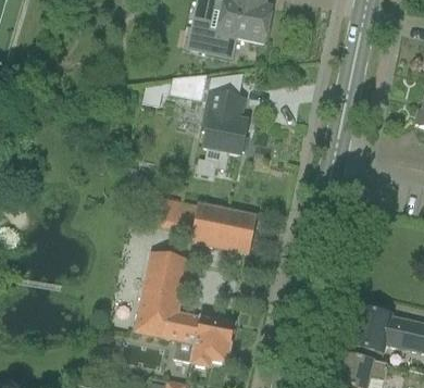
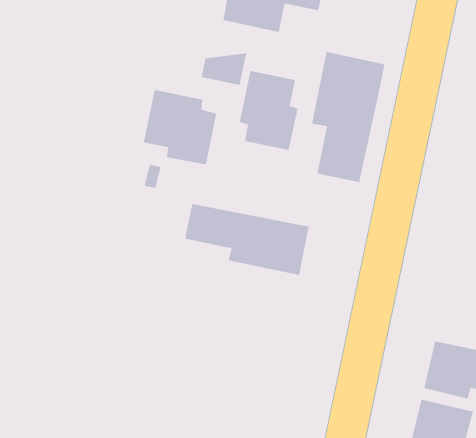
building: none -> [311,51,385,183]
building: none -> [143,89,217,165]
building: [135,251,235,367] -> none

